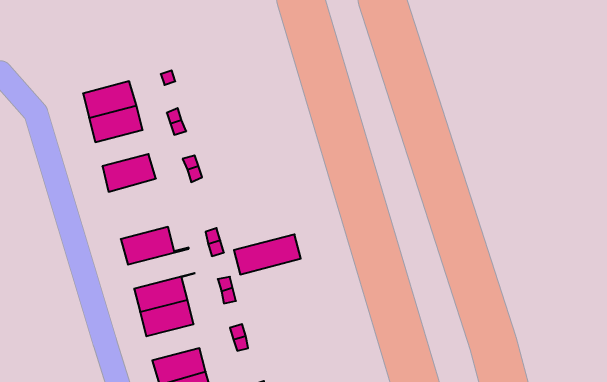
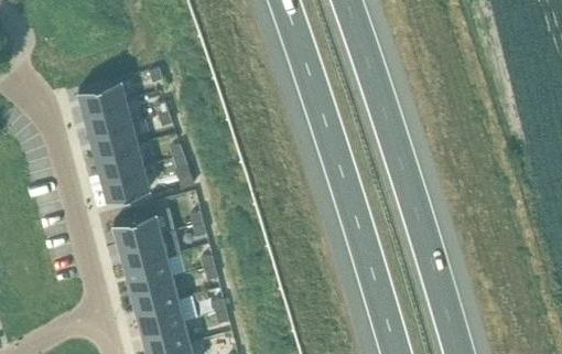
building: none -> [89,124,138,157]
building: none -> [101,168,150,202]
building: [234,234,301,274] -> [119,232,180,268]
building: none -> [136,300,184,333]

